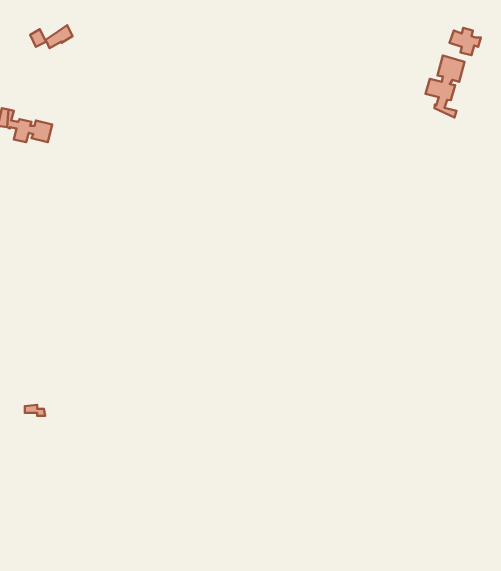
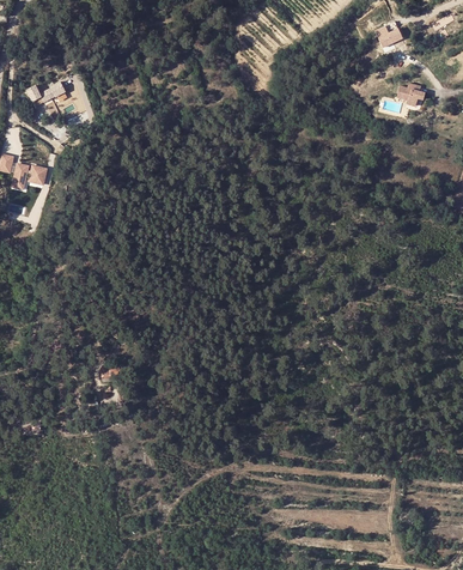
building: [425,56,464,117] -> none

